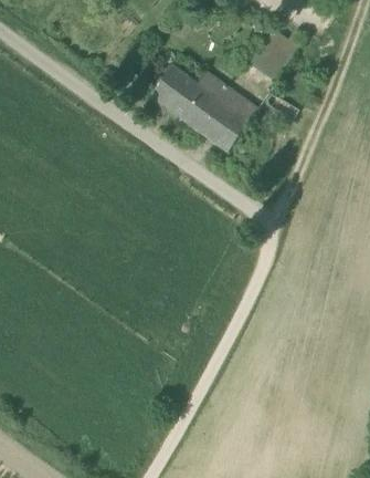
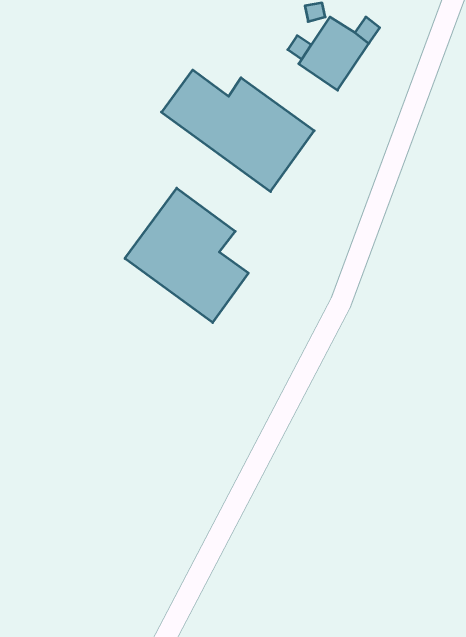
building: none -> [125,188,248,323]

